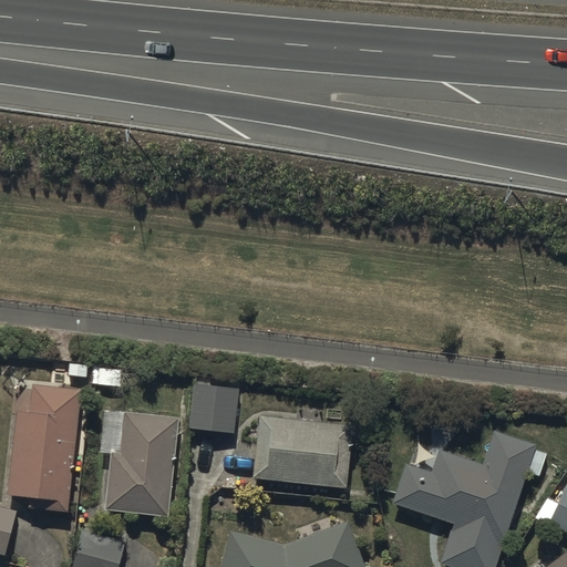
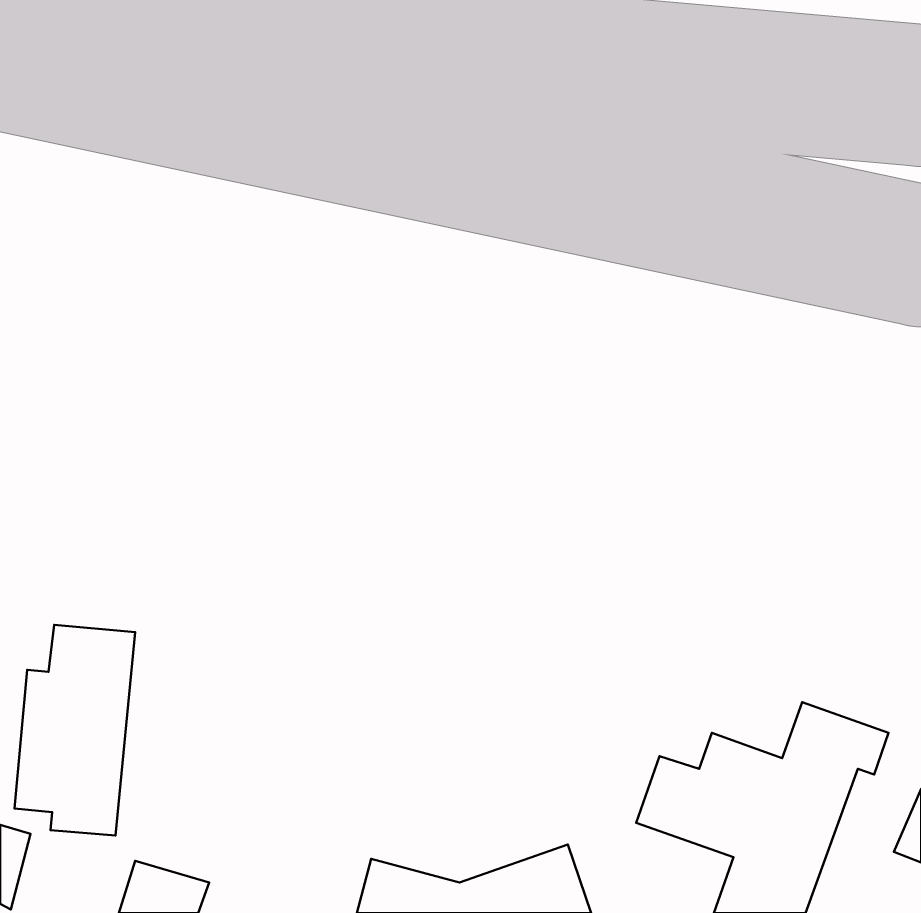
building: [189,381,238,435] -> none
building: [101,412,176,518] -> none
building: [251,417,350,488] -> none

